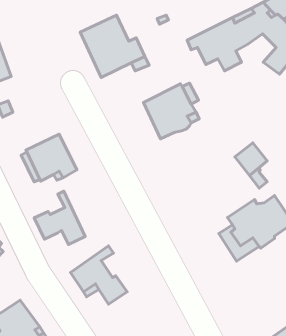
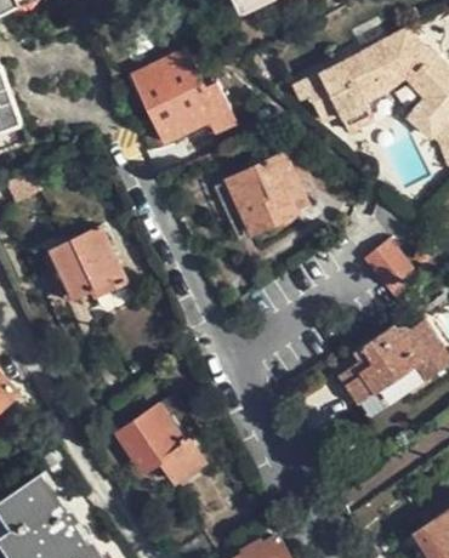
building: [34,191,85,244] -> none

